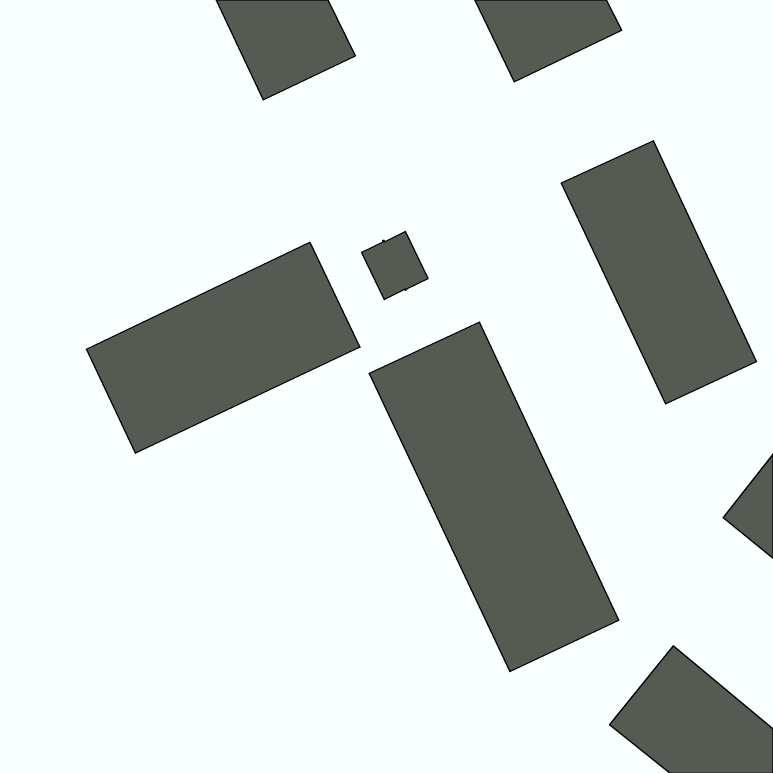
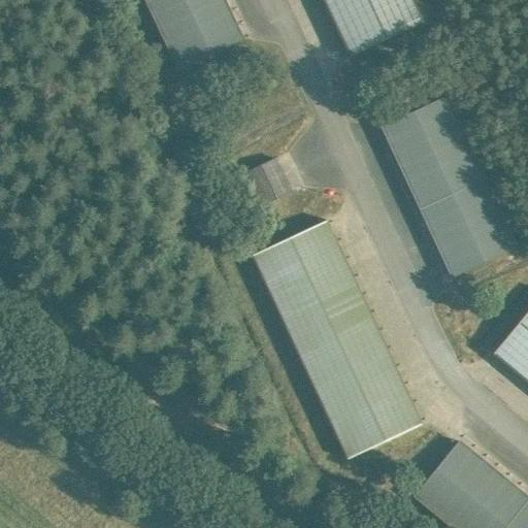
building: [86,242,360,453] -> none

